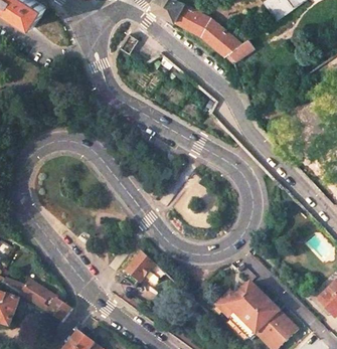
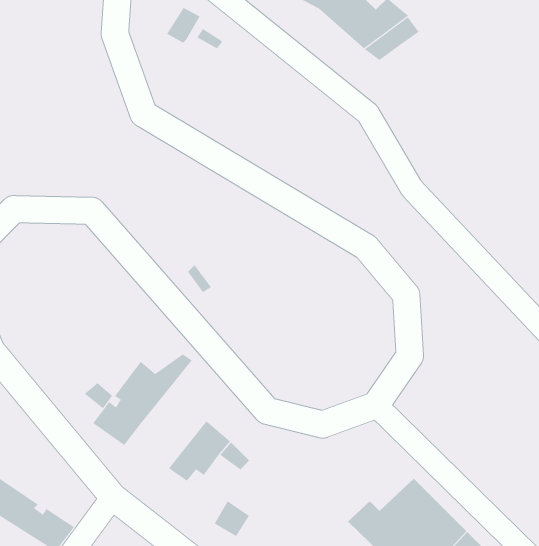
building: none -> [93,353,193,446]

